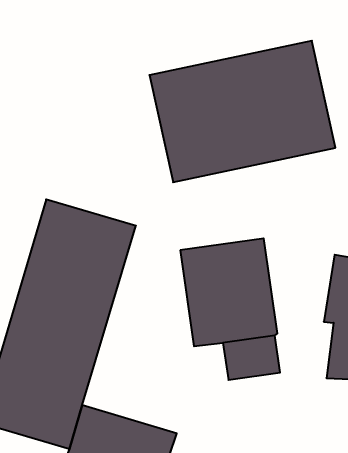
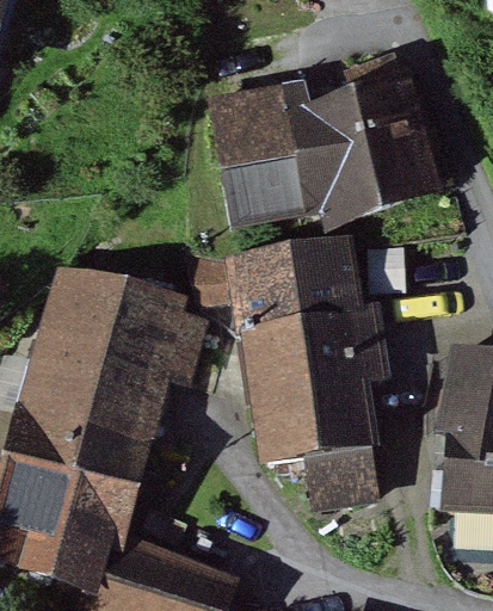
building: none -> [235,241,357,334]

